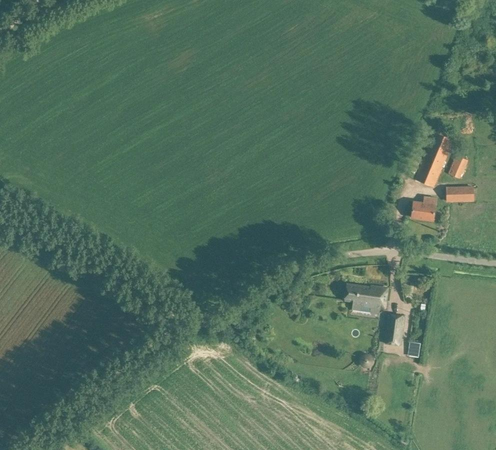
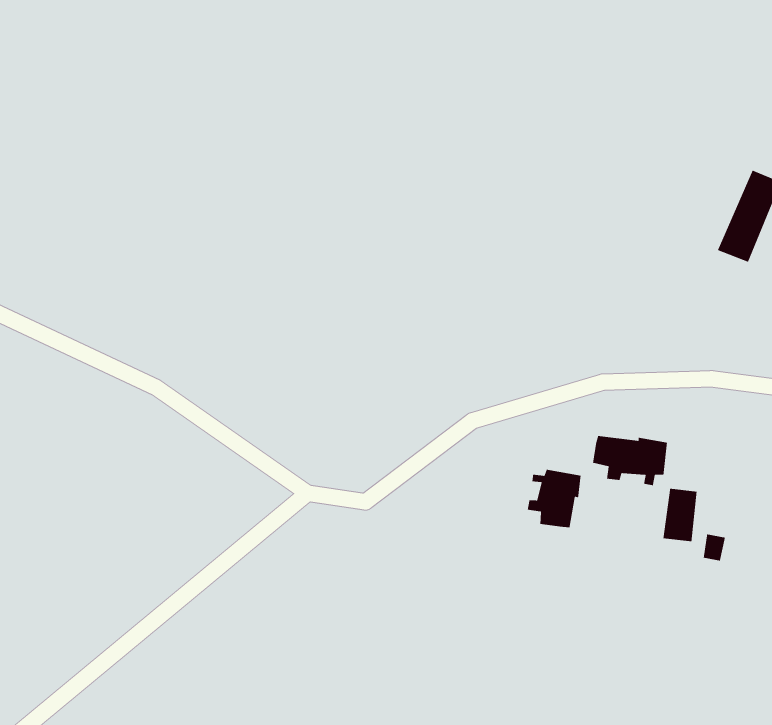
building: [412,196,437,220] -> none
building: none -> [527,469,581,528]

